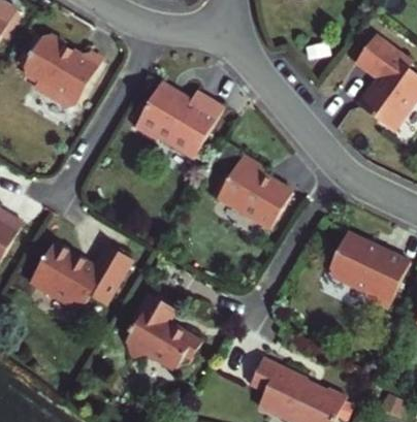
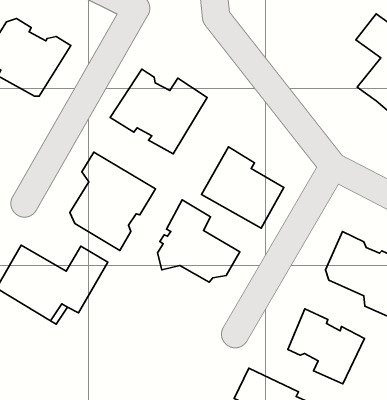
building: none -> [70,152,156,251]
building: [128,293,203,368] -> [157,200,240,282]
building: none -> [288,309,364,384]

